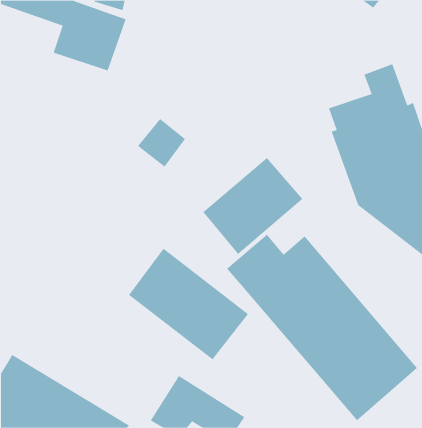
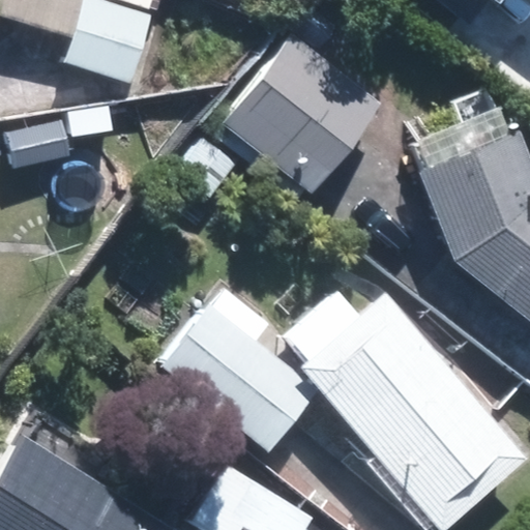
building: none -> [215,38,377,198]
building: [202,157,303,255] -> none

